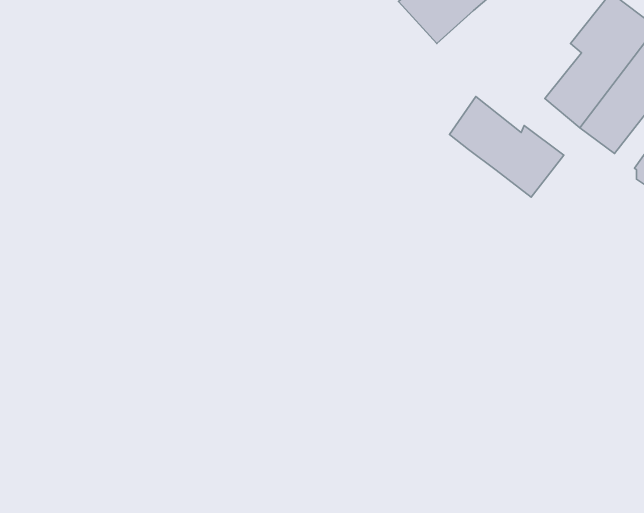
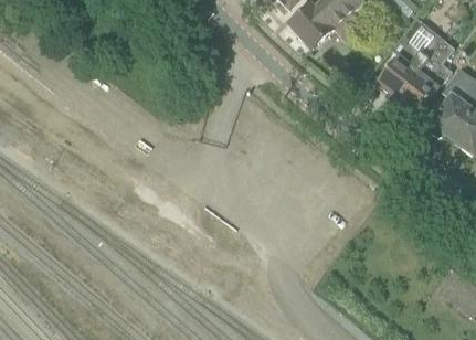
building: [449,96,564,197] -> none

